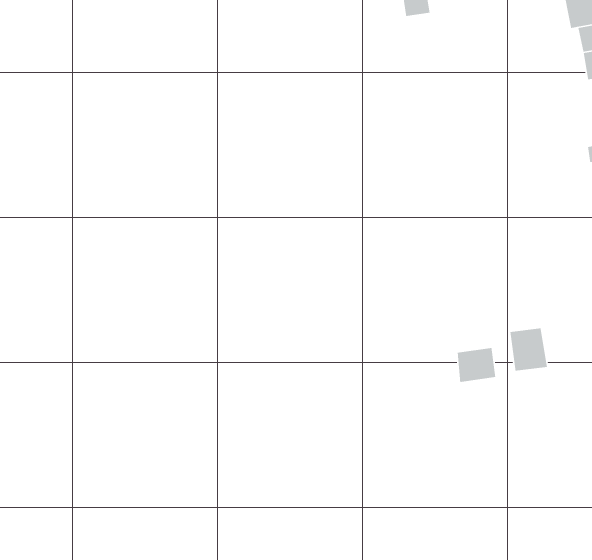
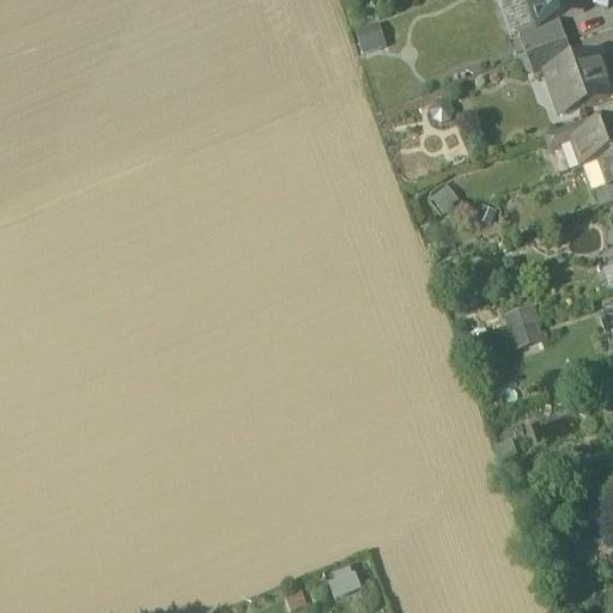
building: [457,347,496,383] -> none

